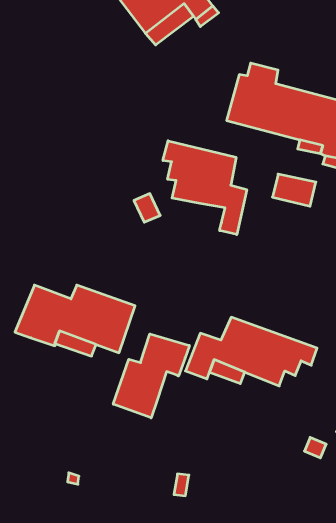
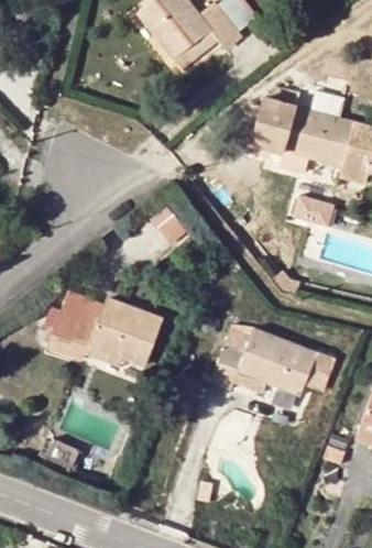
building: [163,141,247,235] -> none
building: [113,334,189,418] -> none

